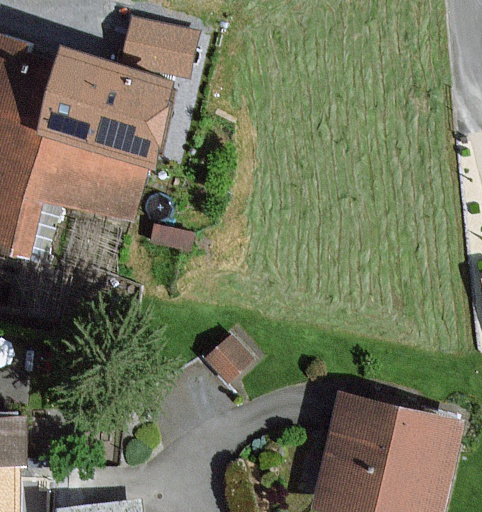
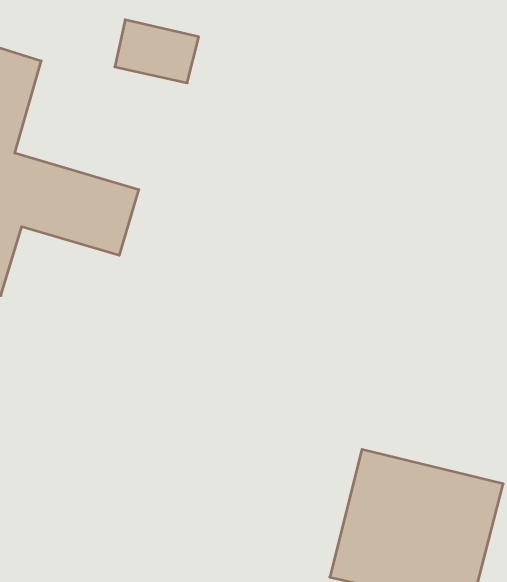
building: [38,51,171,166] -> none

